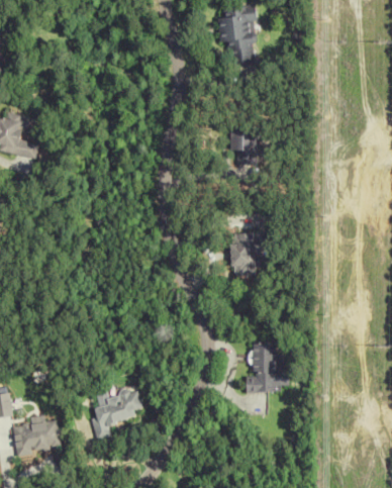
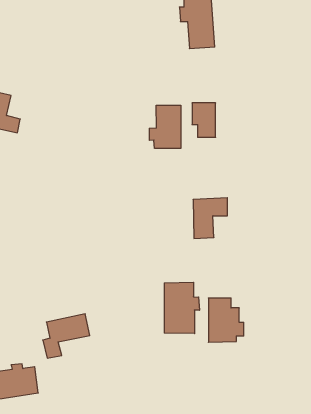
building: none -> [149,105,181,148]
building: none -> [164,282,199,334]
building: [88,390,140,440] -> [43,314,90,358]

